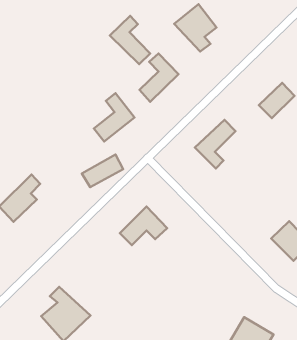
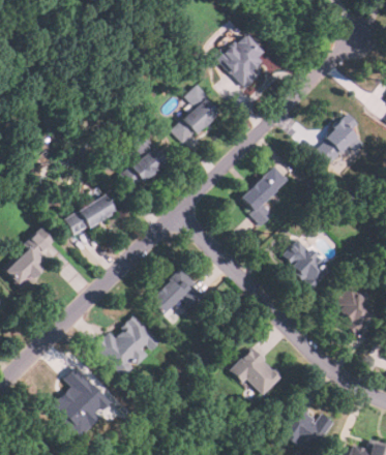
building: [110,16,150,64] -> none
building: [82,154,123,187] -> [65,195,115,235]
building: none -> [281,238,332,287]
building: none -> [95,316,160,377]
building: none -> [233,348,281,397]

